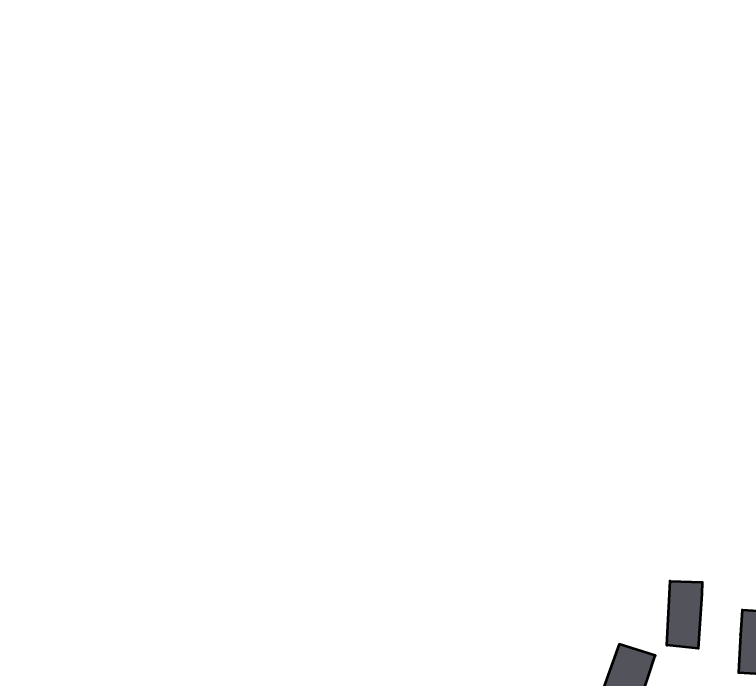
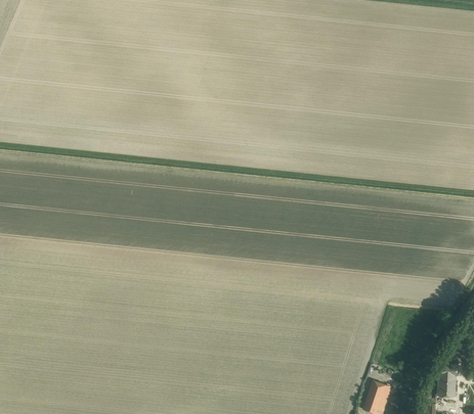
building: [667,581,702,648] -> none

